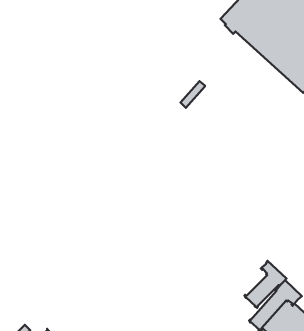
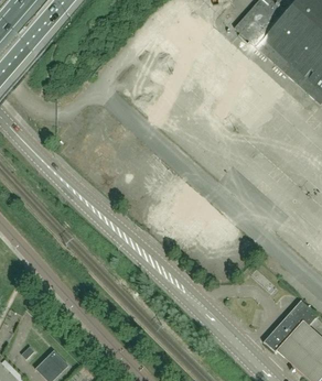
building: [244,261,286,308] -> none

